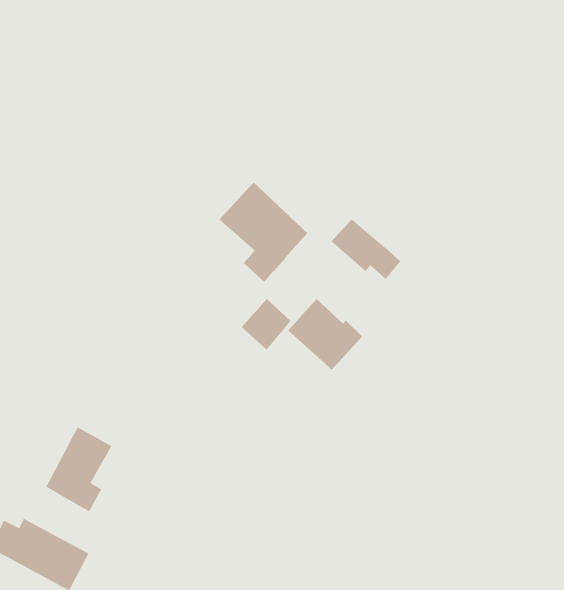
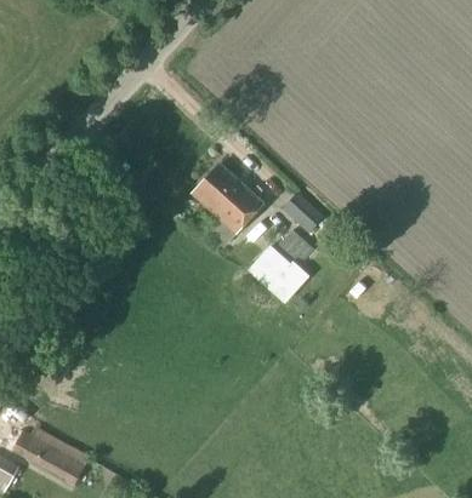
building: [241,298,292,350] -> [271,229,311,270]
building: [45,427,113,513] -> none

